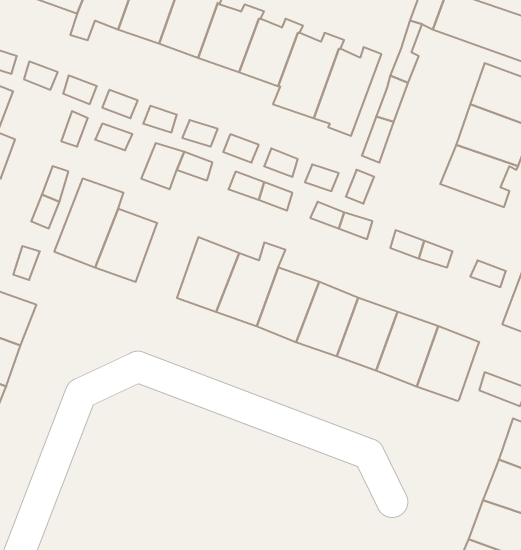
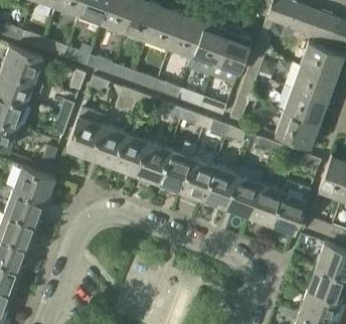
building: none -> [276,110,322,146]
building: none -> [112,132,147,174]

